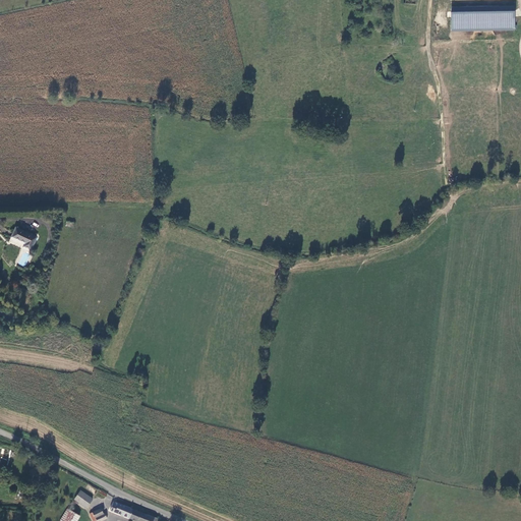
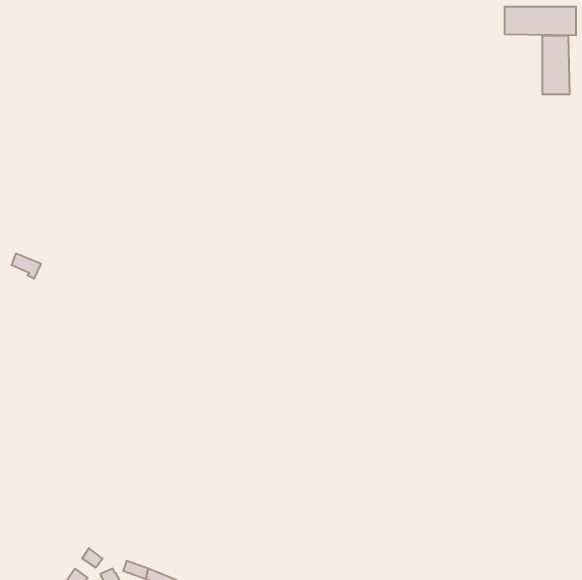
building: none -> [542,35,569,95]

